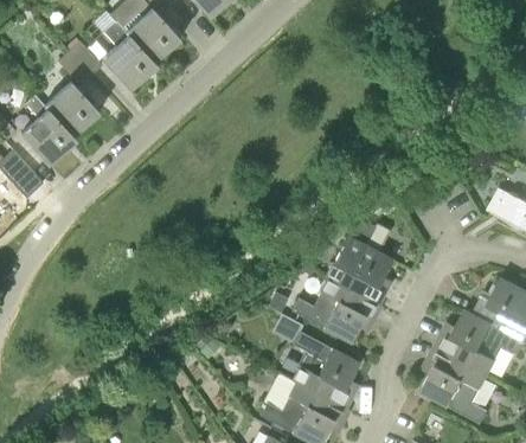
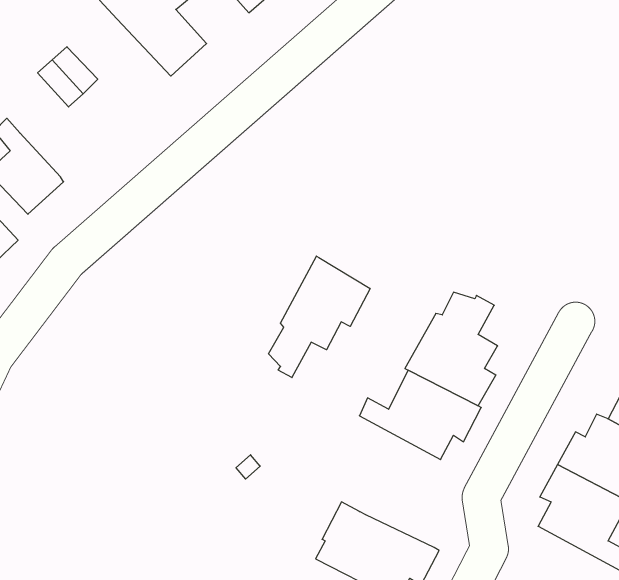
building: [102,21,158,90] -> none
building: [44,81,98,136] -> none
building: none -> [269,256,370,378]
building: [291,330,359,406] -> none

